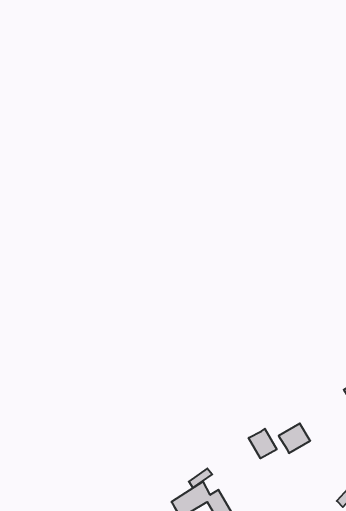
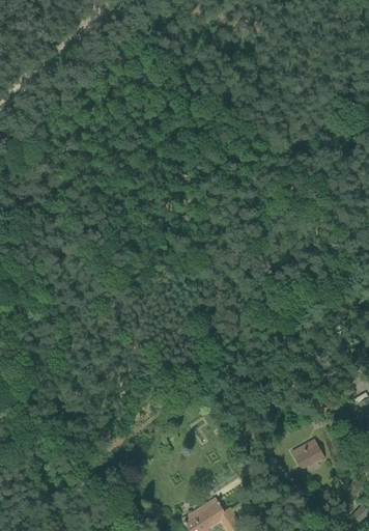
building: [249,429,277,458] -> none

